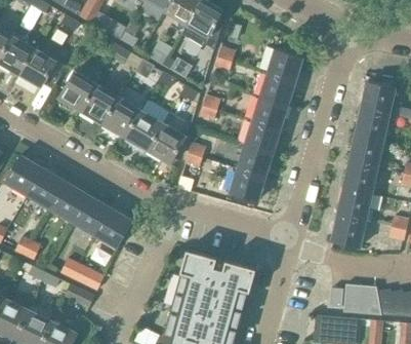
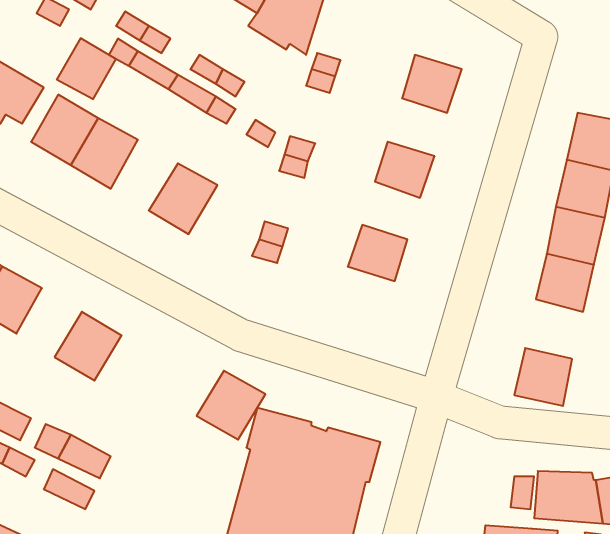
building: none -> [57,38,116,99]
building: [259,73,293,106] -> none
building: [102,97,140,137] -> none
building: [245,120,278,153] -> none
building: [147,122,184,163] -> none
building: [230,168,263,201] -> none
building: [49,181,86,220] -> none
building: [337,187,370,221] -> none
building: [93,207,132,246] -> [197,371,265,440]

